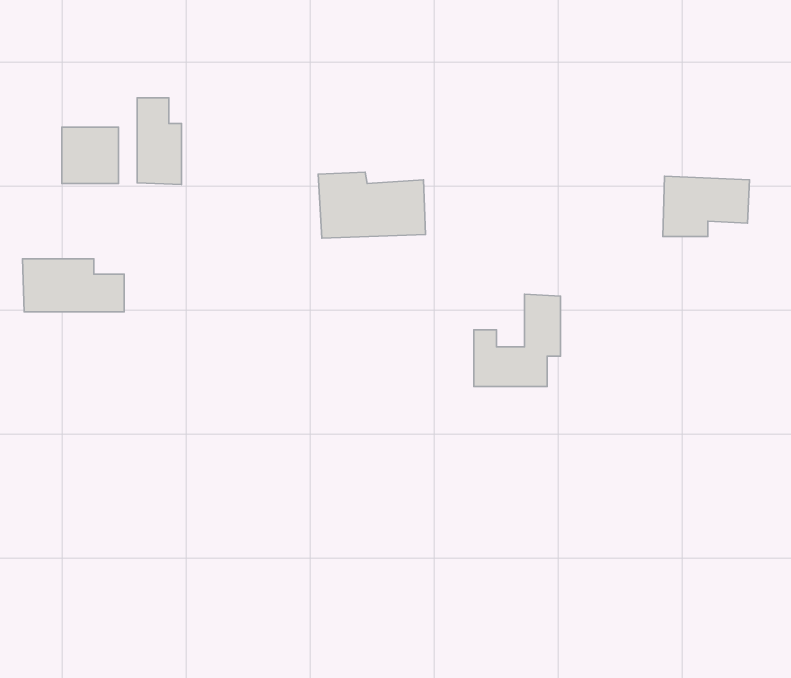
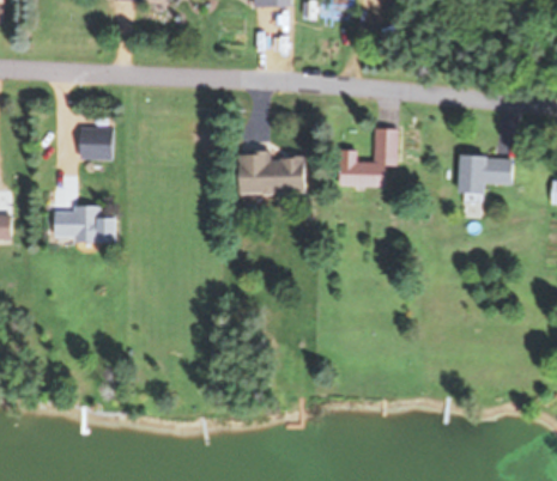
building: [137,98,181,184] -> none
building: [474,294,560,386] -> [340,127,395,185]

